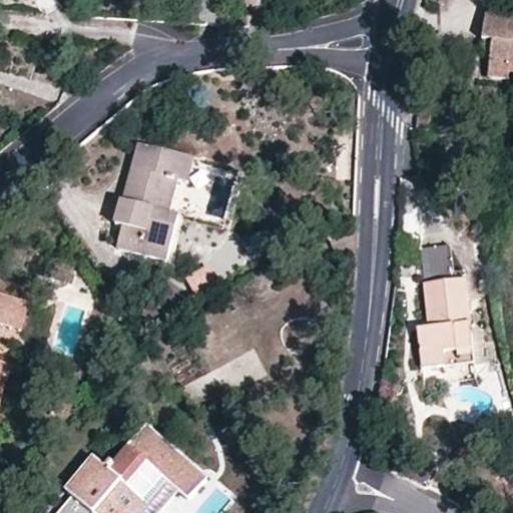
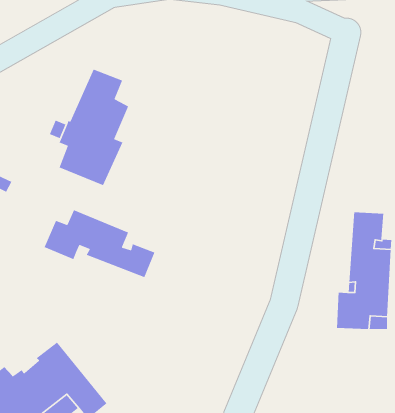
building: [163,150,193,212] -> none
building: none -> [43,209,155,278]

